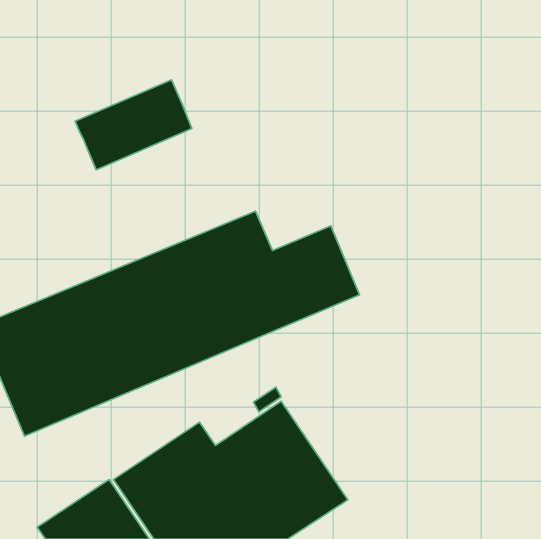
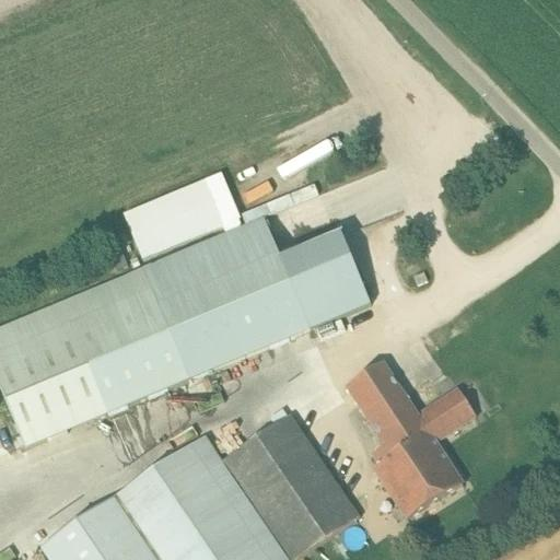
building: [75,80,192,170] -> [120,171,241,264]
building: none -> [346,361,476,518]

